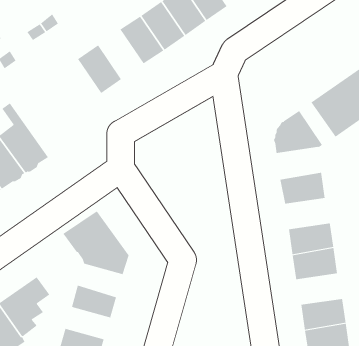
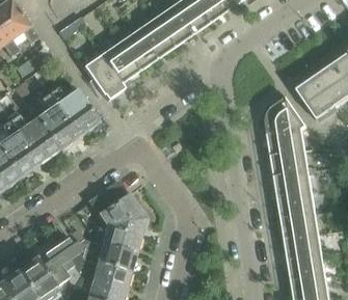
building: none -> [118,29,156,71]
building: none -> [83,54,124,100]
building: none -> [45,85,97,136]
building: none -> [267,128,305,155]
building: none -> [274,170,313,196]
building: none -> [101,225,139,253]
building: none -> [284,234,323,260]
building: none -> [90,262,129,289]

